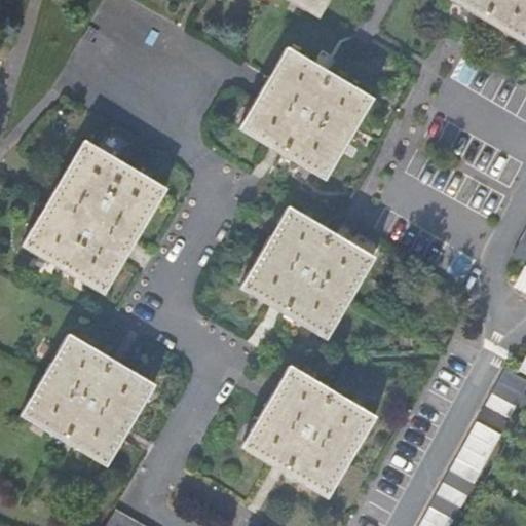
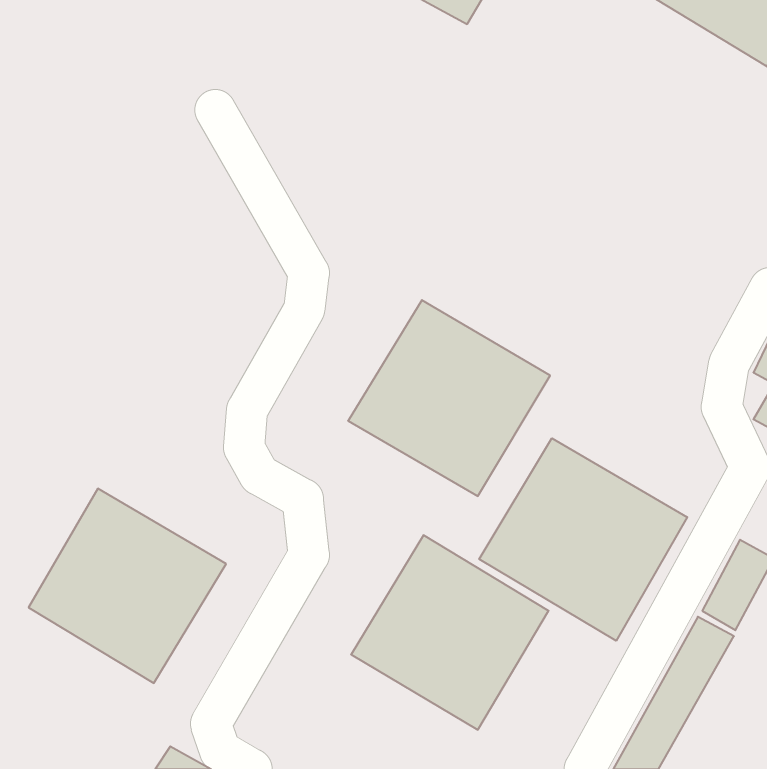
building: [238,46,374,180] -> none
building: [23,140,167,294] -> none
building: none -> [479,438,687,641]

